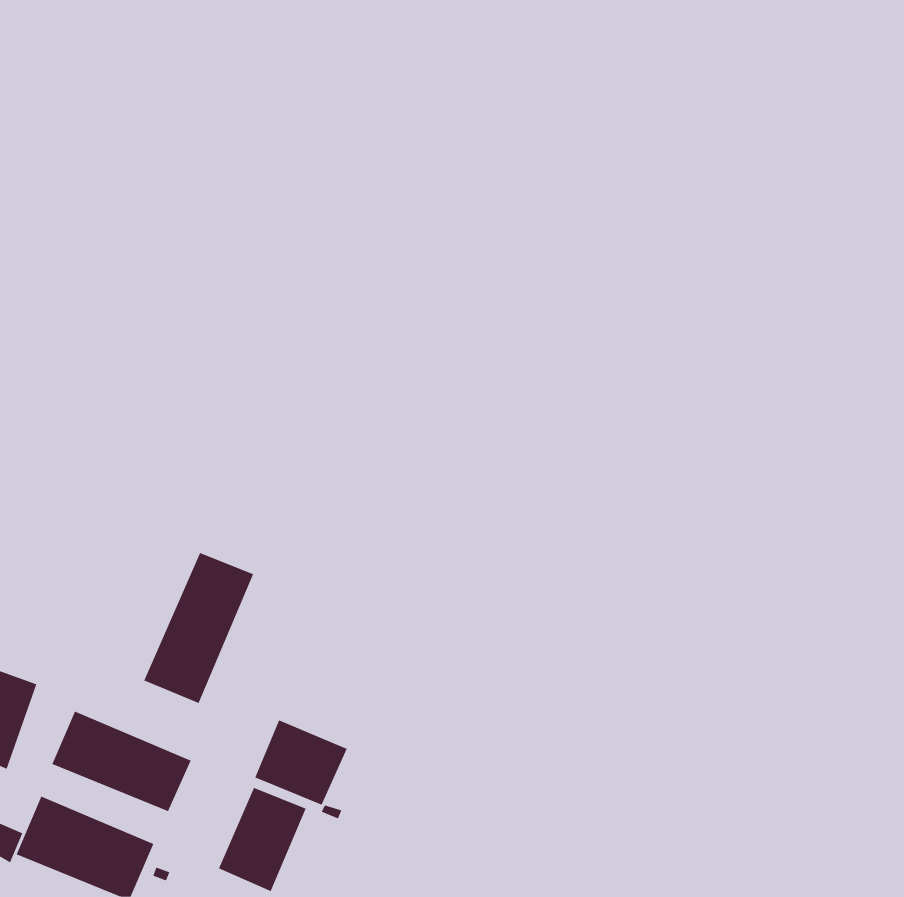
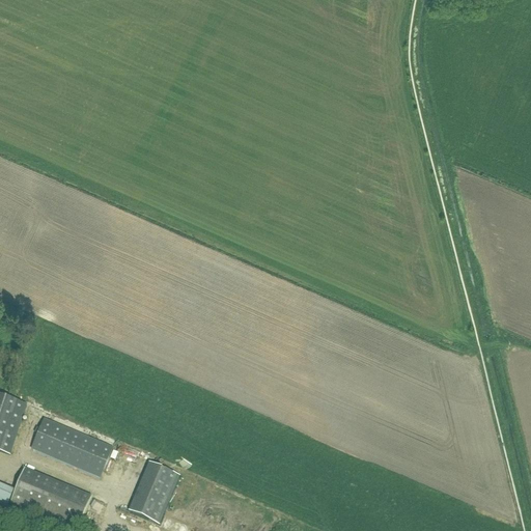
building: [143,552,254,704] -> none
building: [255,719,347,806] -> none

